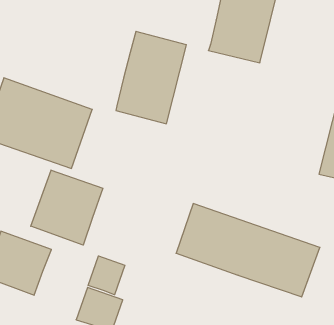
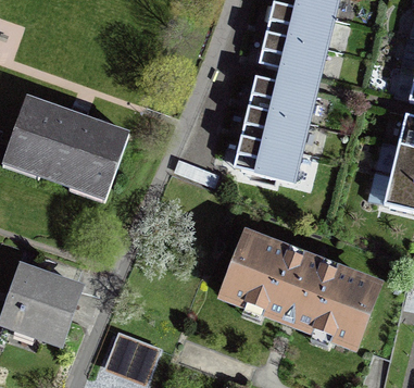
building: [116,31,186,124] -> [234,74,314,179]
building: [31,170,103,245] -> none
building: [88,256,125,295] -> none

